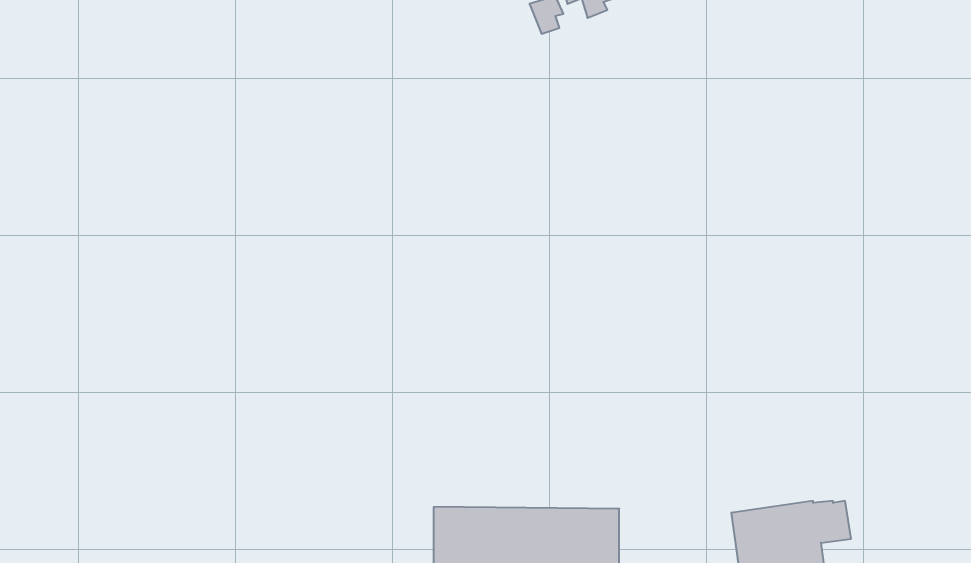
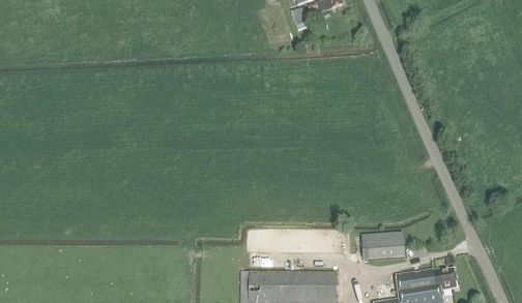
building: none -> [361,231,405,260]

